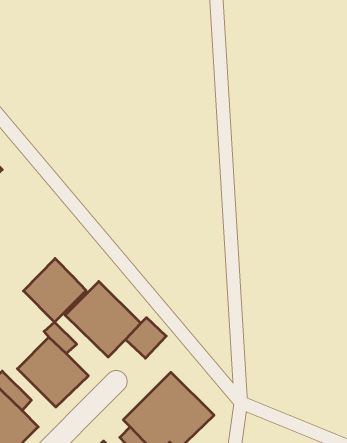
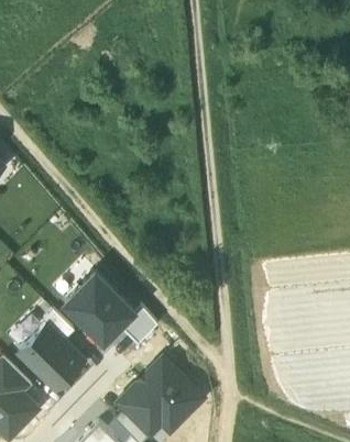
building: [23,258,86,322] -> none

